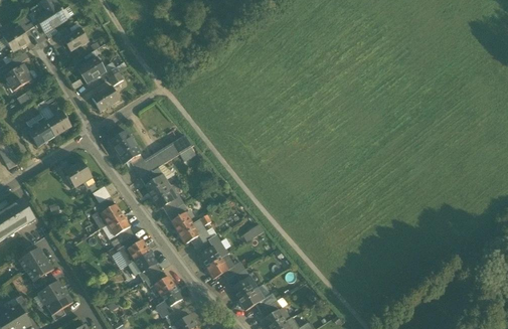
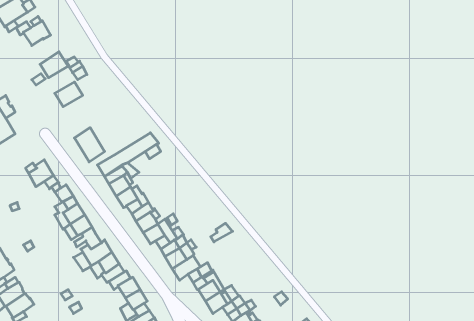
building: [45,106,71,137] -> none

